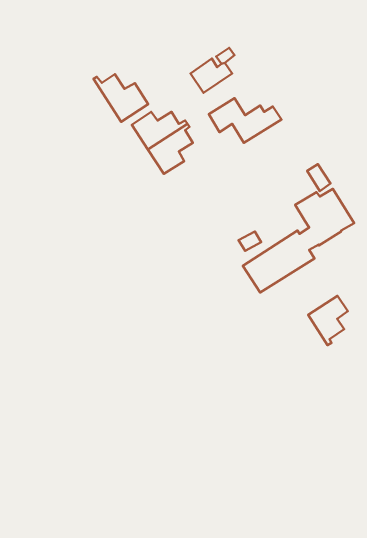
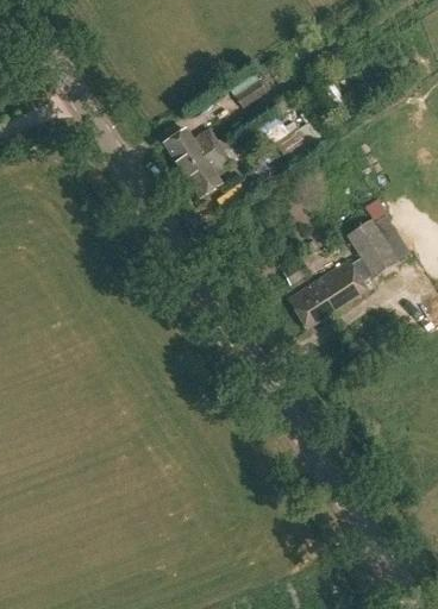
building: [93,74,148,122] -> none
building: [308,296,348,345] -> none

